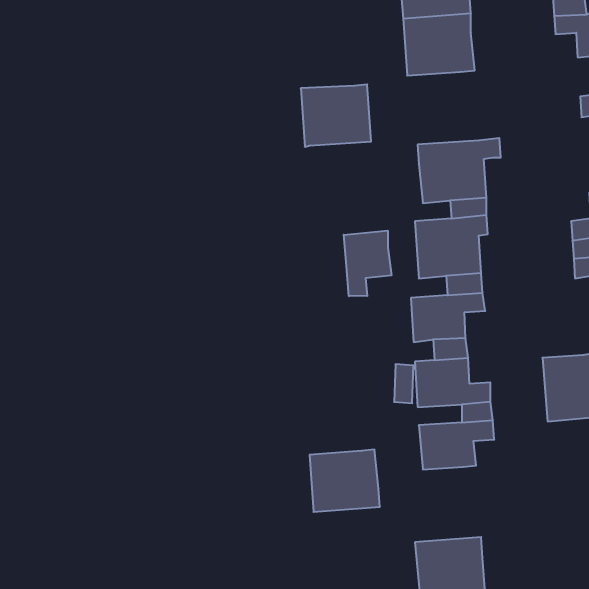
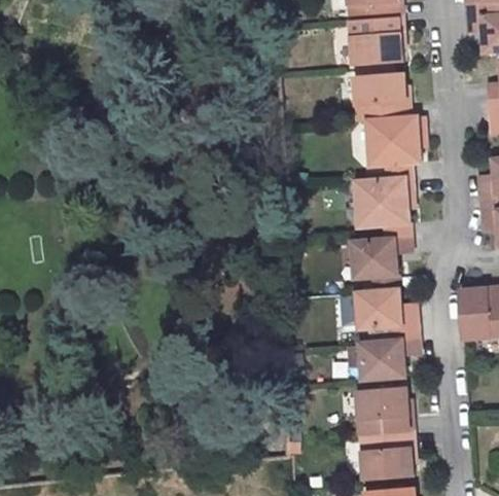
building: [301,84,371,147] -> [353,72,408,121]
building: [344,231,391,296] -> none
building: [310,450,380,512] -> [355,386,411,435]

